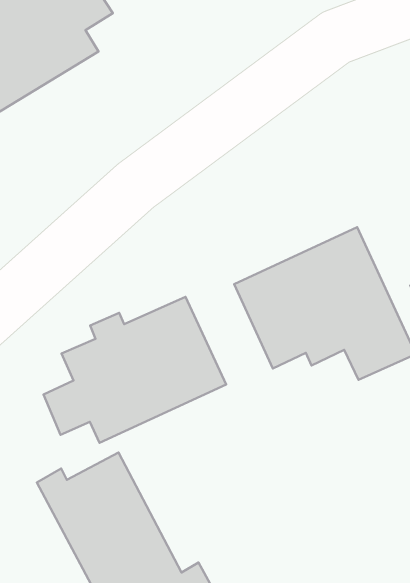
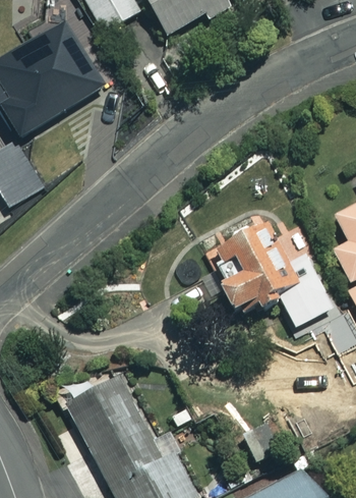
building: [43,297,226,443] -> none

